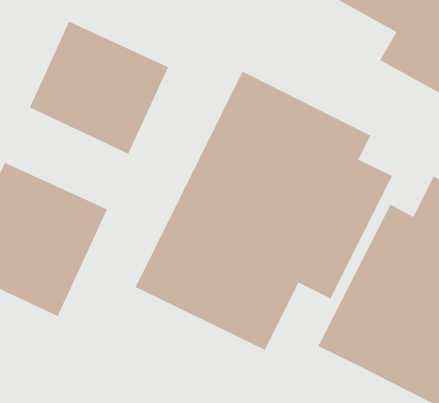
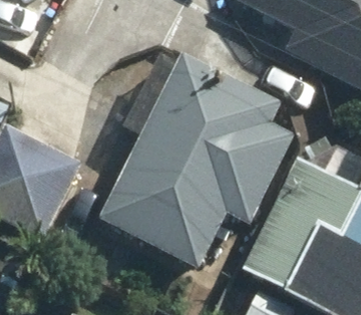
building: [29,21,169,154] -> none

